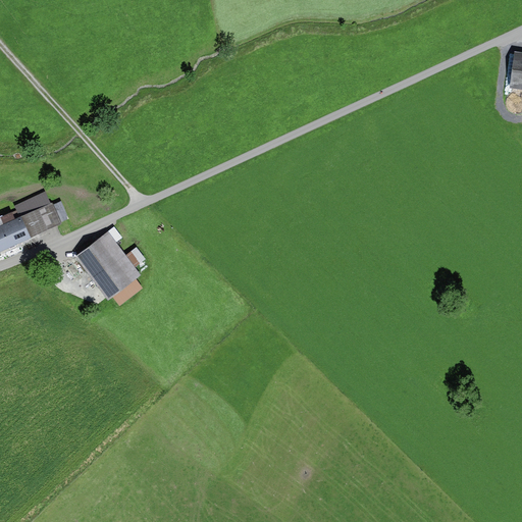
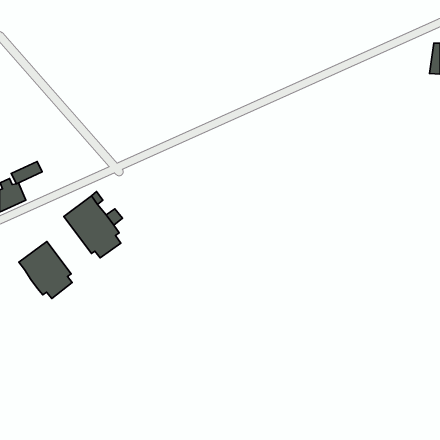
building: [21,202,60,237] -> none
building: none -> [19,241,72,298]

